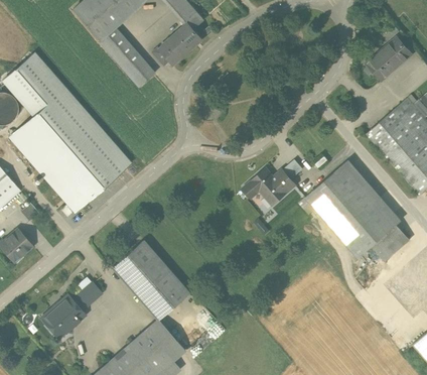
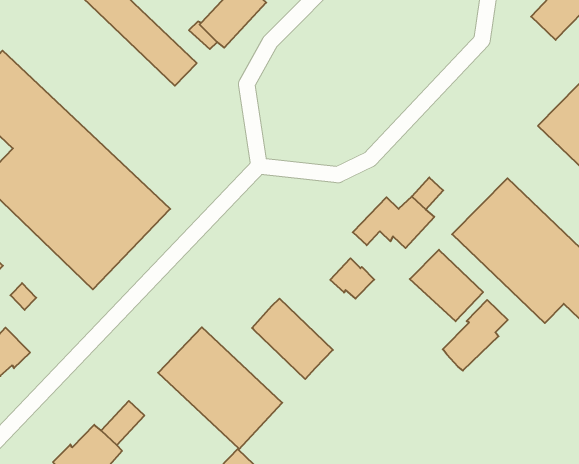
building: none -> [410,250,483,321]
building: none -> [330,258,374,299]
building: none -> [252,299,333,379]
building: none -> [443,300,508,371]

